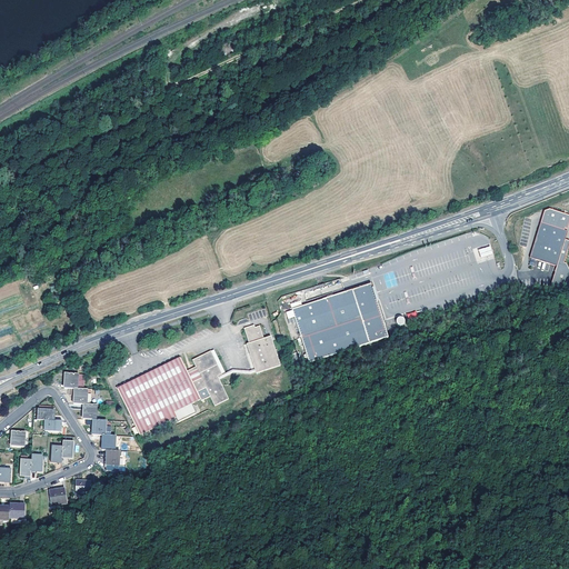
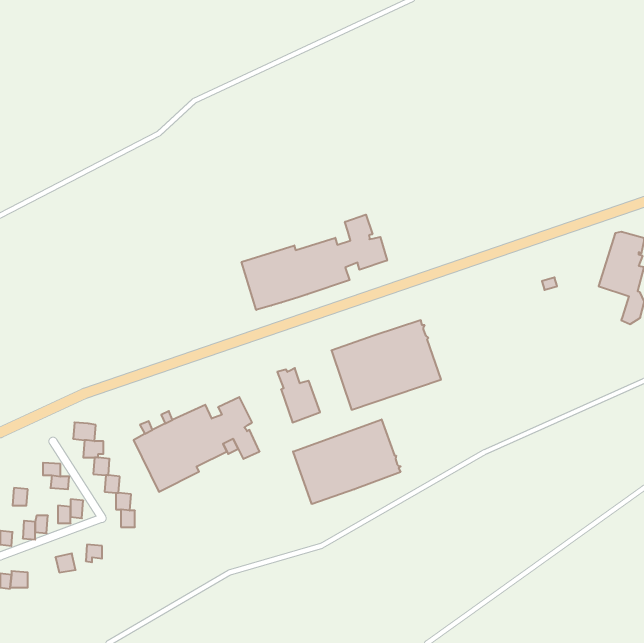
building: none -> [242,215,387,310]
building: none -> [293,419,401,504]

